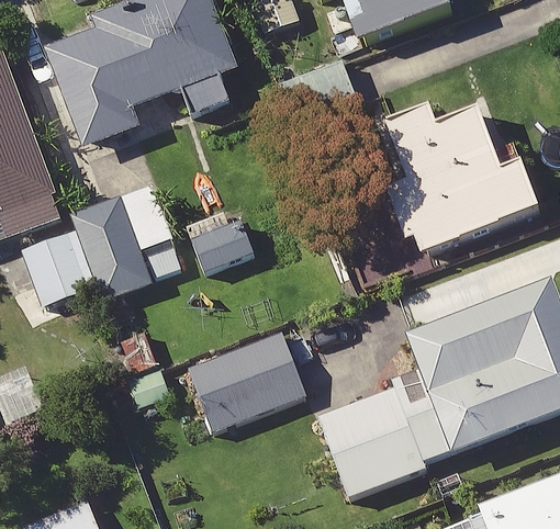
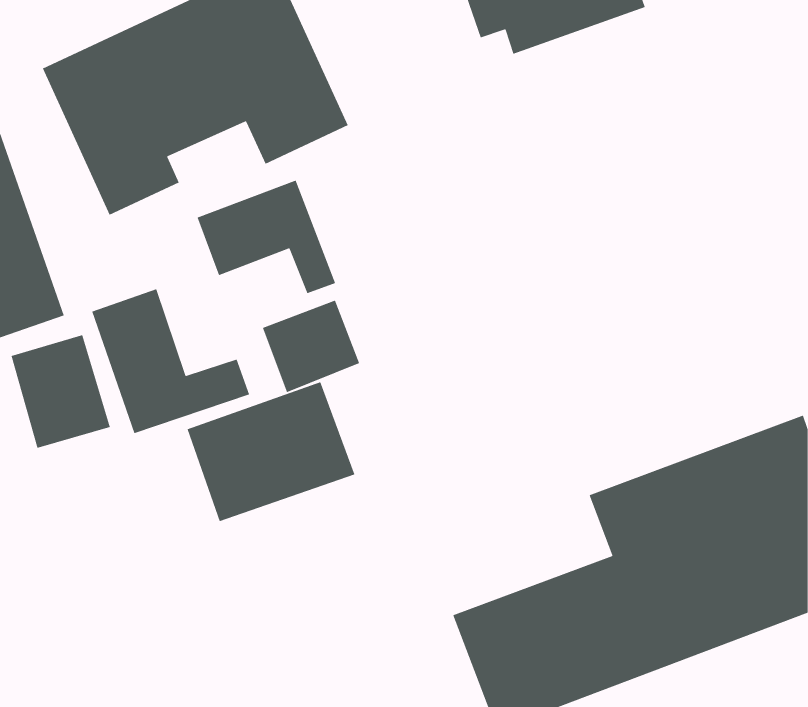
building: [388,104,539,252] -> none
building: none -> [197,180,336,294]
building: [192,330,305,425] -> [186,381,355,522]

